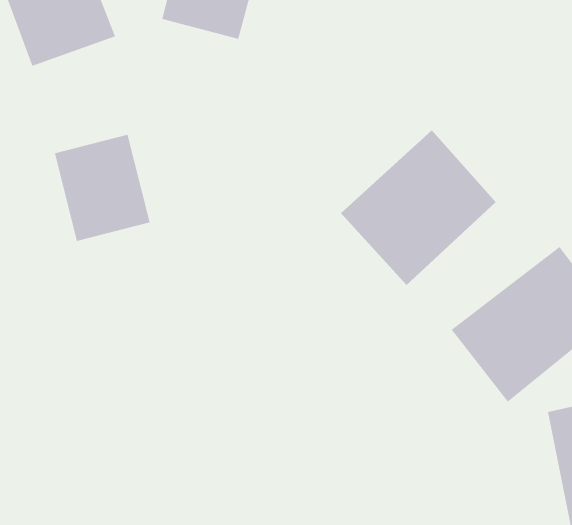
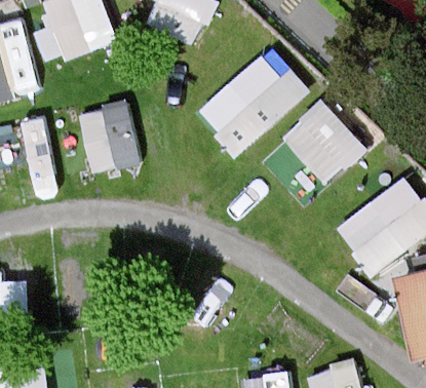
building: none -> [195,44,310,156]

